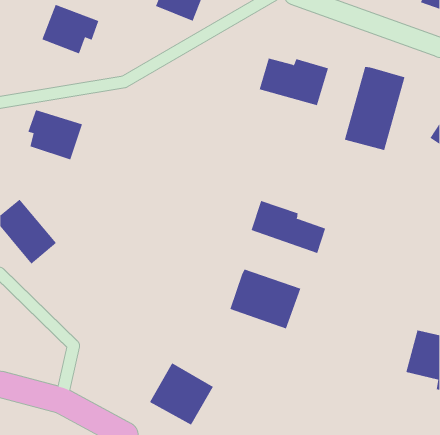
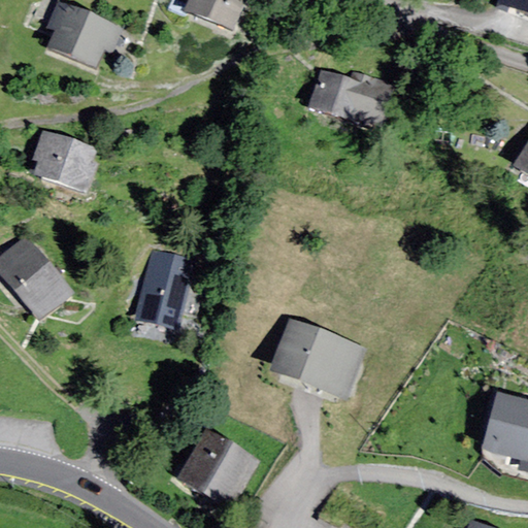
building: [344,66,405,151] -> none
building: [251,200,326,254] -> none
building: none -> [138,249,193,325]

